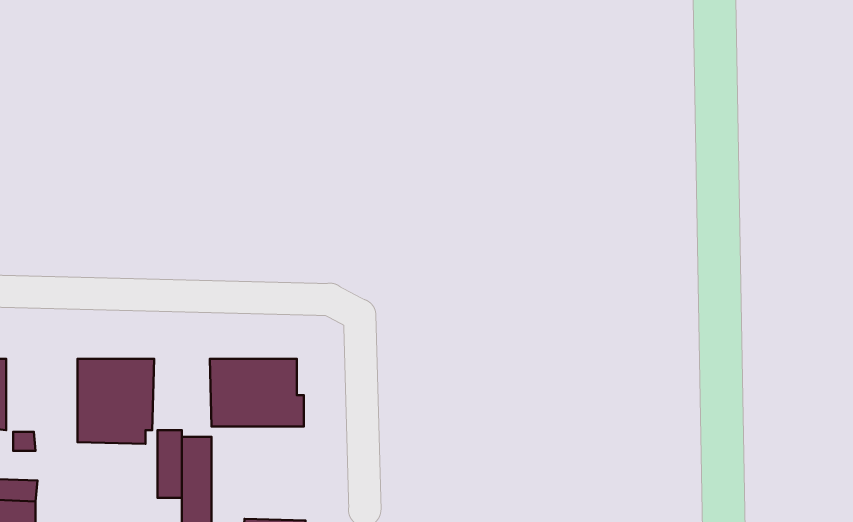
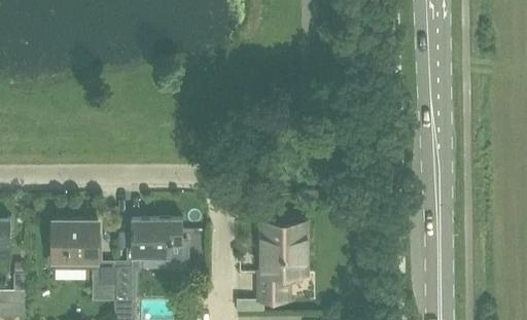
building: none -> [259,224,307,300]

